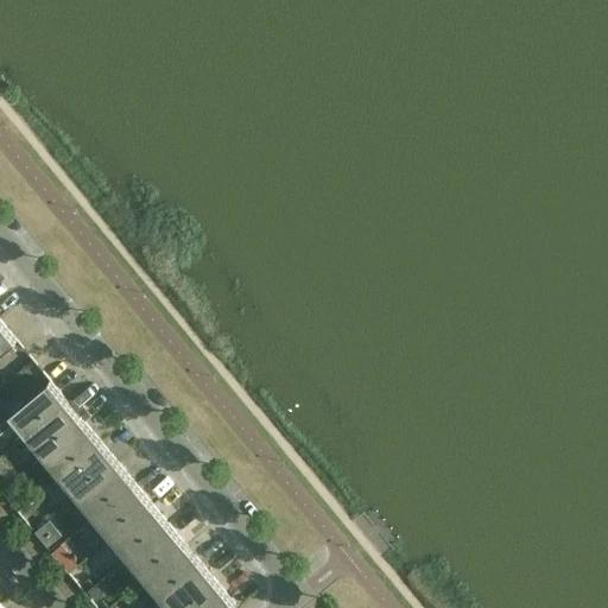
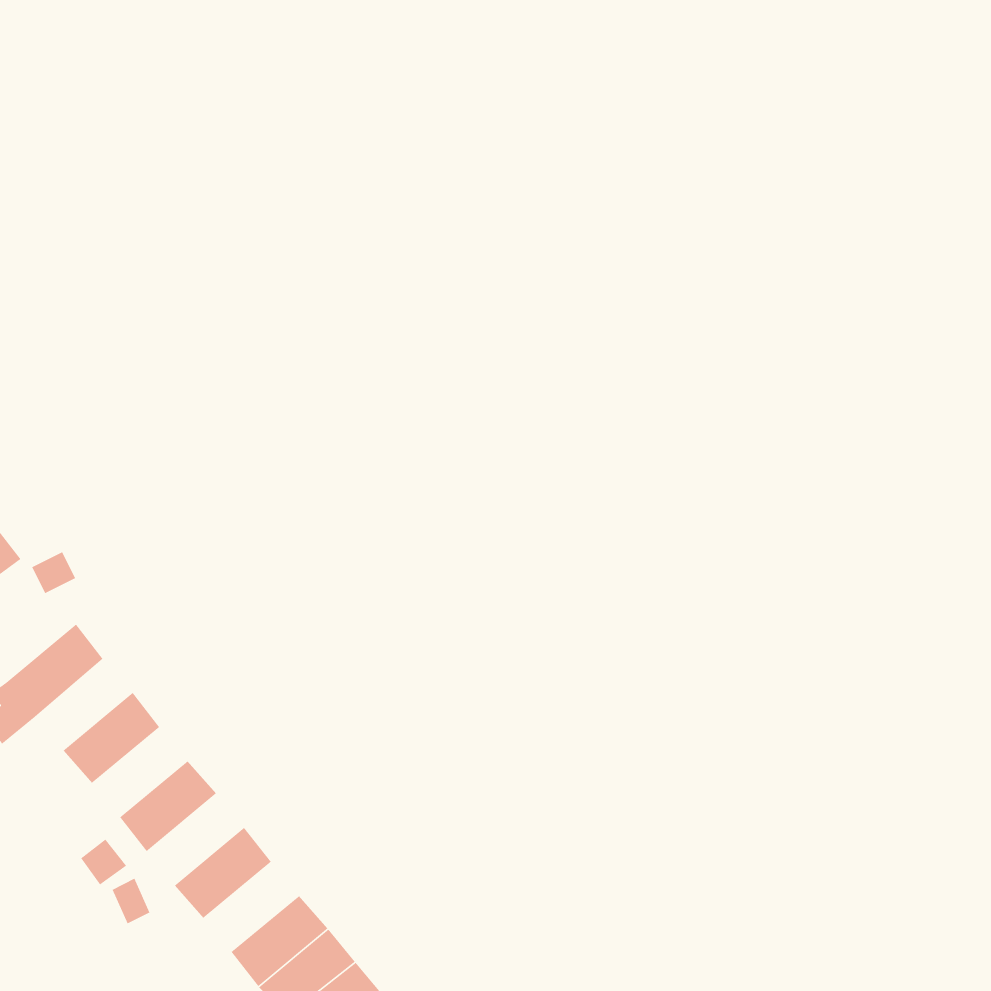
building: [21,405,81,461] -> none
building: [56,446,114,501] -> none
building: [89,487,148,543] -> none
building: [124,528,182,583] -> none

